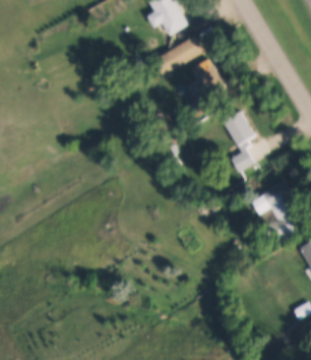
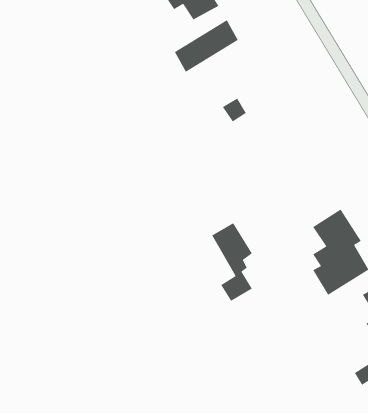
building: [191,58,222,91] -> none
building: [223,111,255,173] -> [211,222,253,302]

